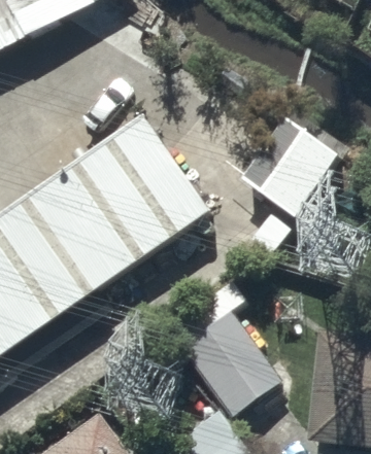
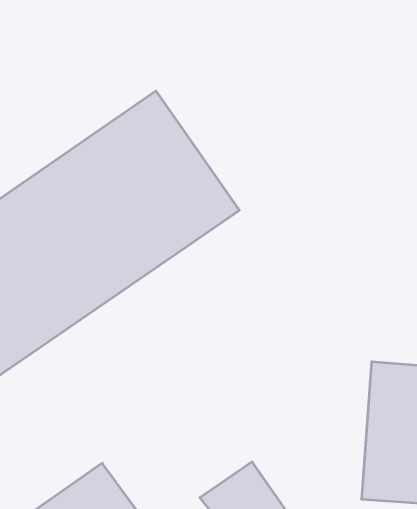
building: [230,115,338,215] -> none
building: [163,282,279,417] -> none

